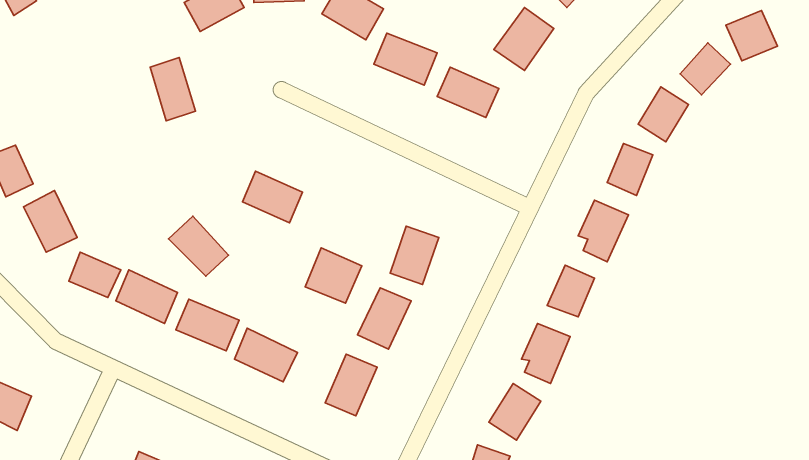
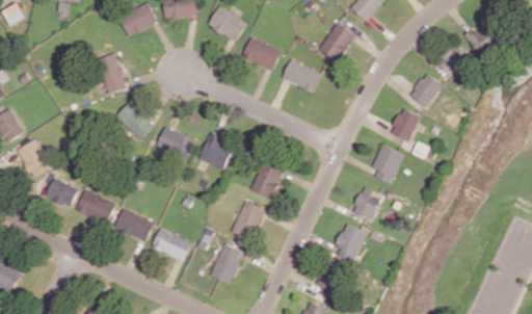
building: [168,216,228,276] -> [115,101,154,139]
building: [305,248,362,303] -> [198,134,235,169]

